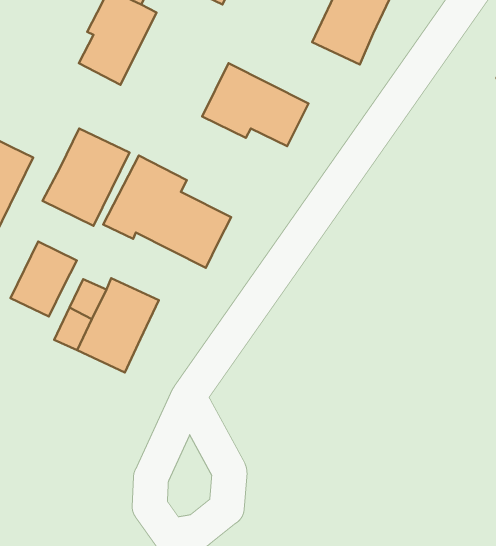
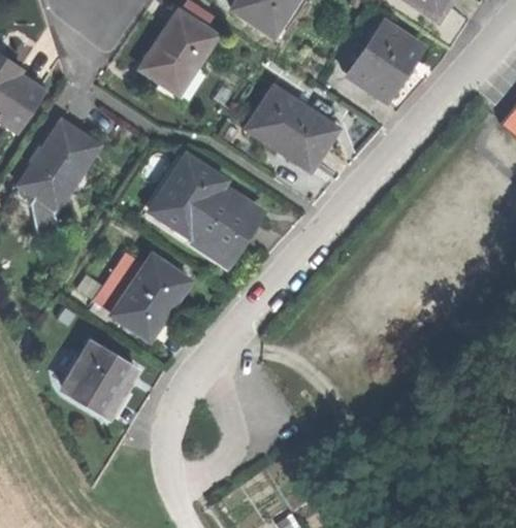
building: [42,128,129,226] -> none
building: [11,242,77,316] -> none
building: none -> [67,341,137,419]

